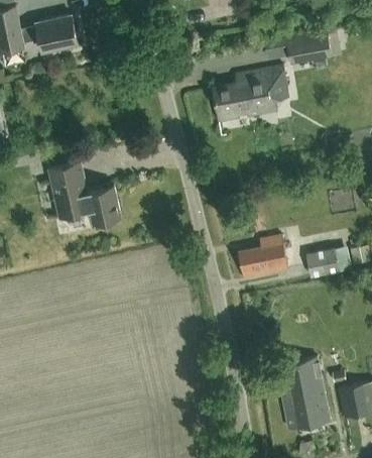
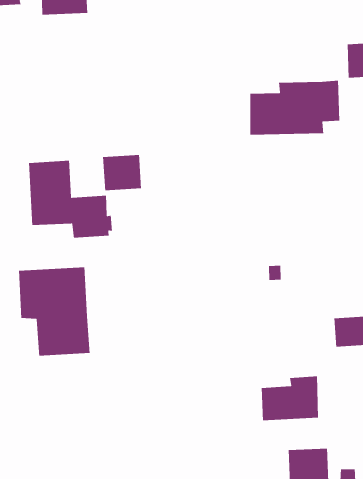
building: none -> [102,154,142,191]
building: [239,235,288,277] -> [261,376,319,421]
building: none -> [18,267,90,357]

